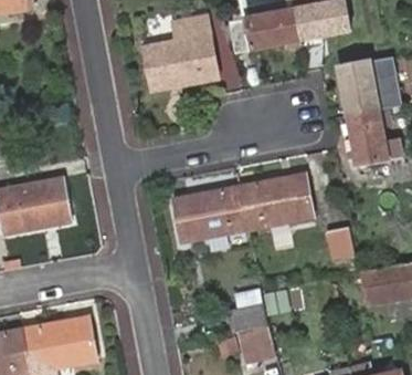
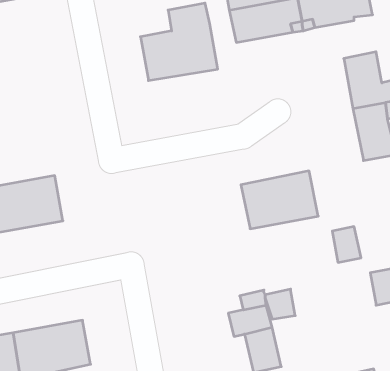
building: [173,187,247,241] -> none

